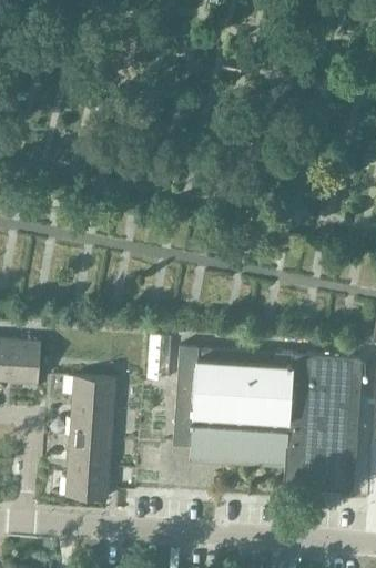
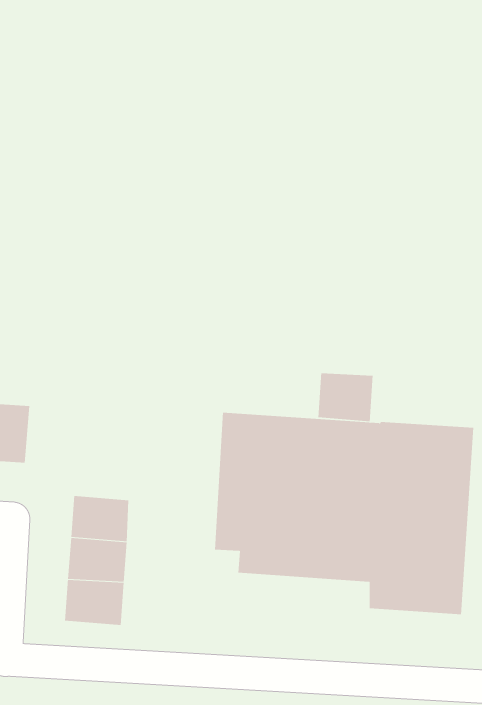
building: none -> [318,372,373,422]
building: [72,376,114,409] -> none

